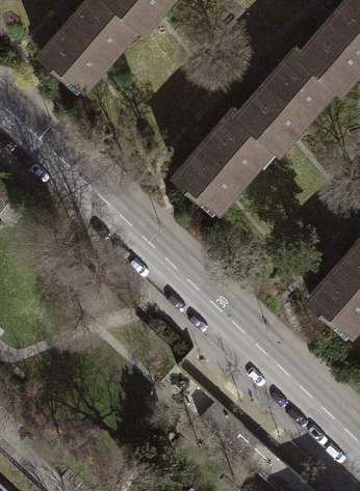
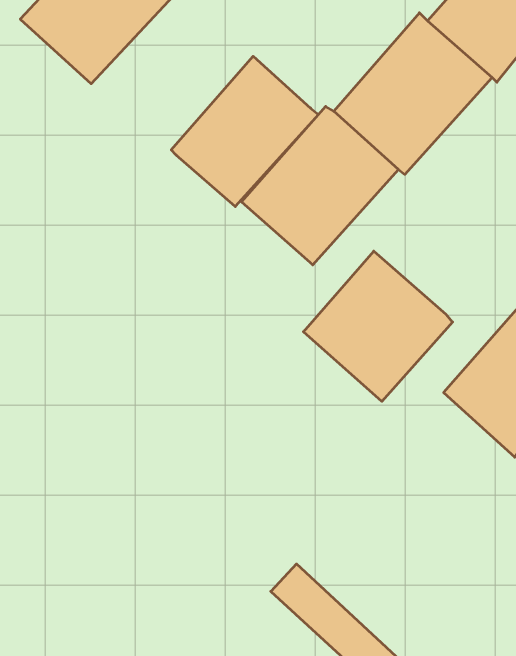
building: none -> [171,56,319,207]
building: none -> [303,251,453,401]

